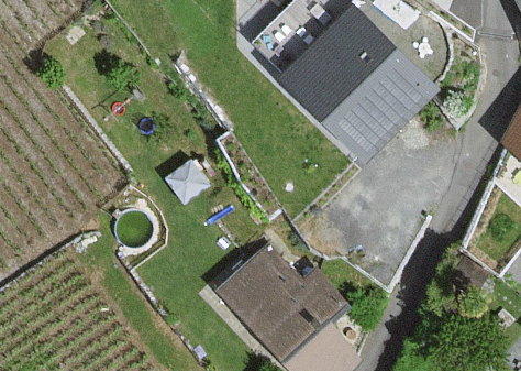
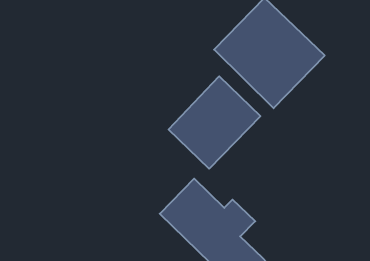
building: none -> [169,76,260,169]

